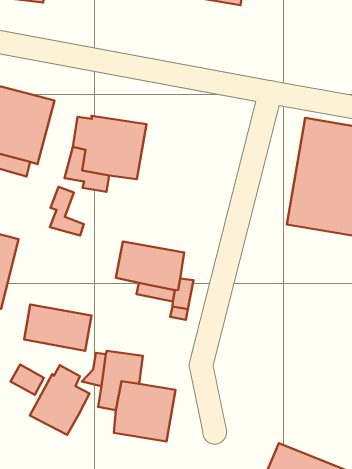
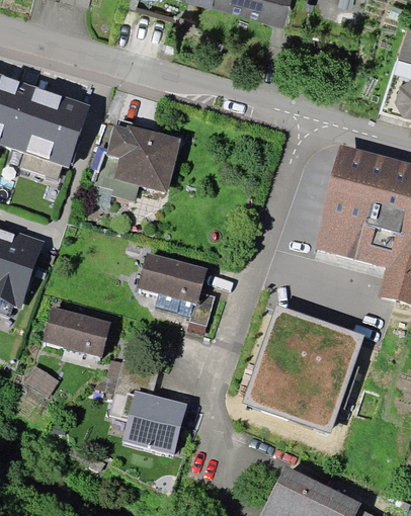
building: [50,187,84,236] -> none
building: none -> [243,306,365,433]
building: [30,365,90,435] -> none

